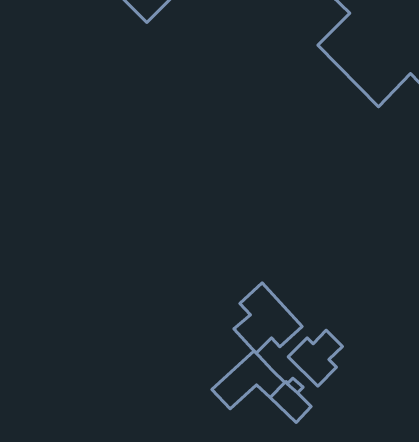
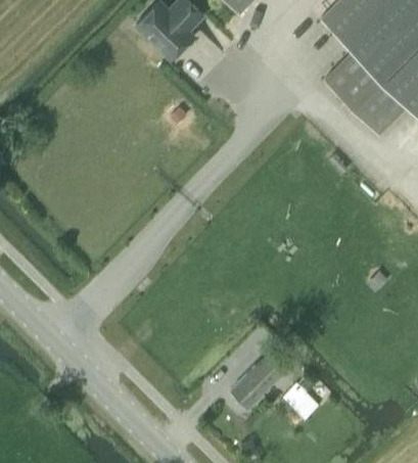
building: [234,283,302,353] -> none
building: [288,330,343,386] -> none

